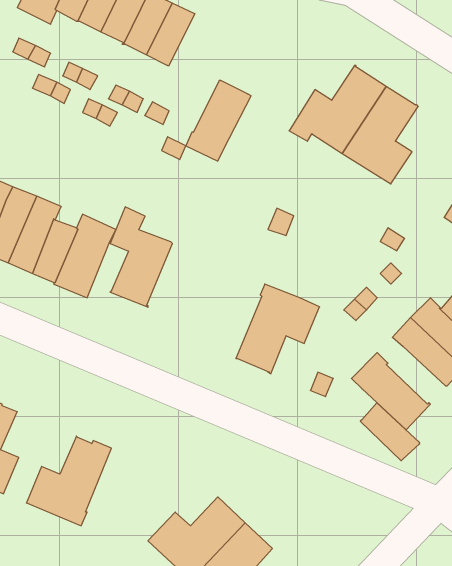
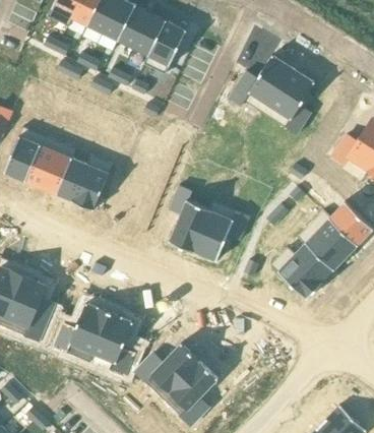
building: [186,81,251,161] -> [144,20,188,74]
building: [110,207,172,307] -> [170,185,211,252]
building: [360,403,420,461] -> [295,243,334,282]
building: none -> [94,311,135,377]

